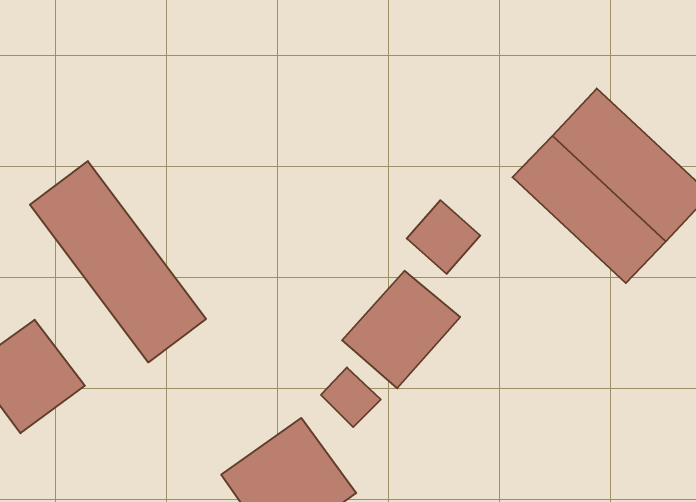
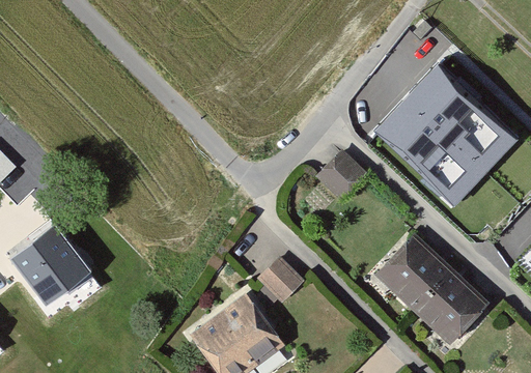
building: [30,161,206,362] -> none
building: [342,271,460,388] -> none
building: none -> [371,230,487,344]

